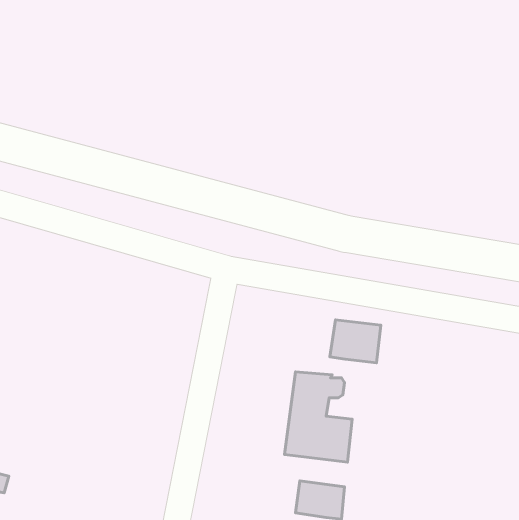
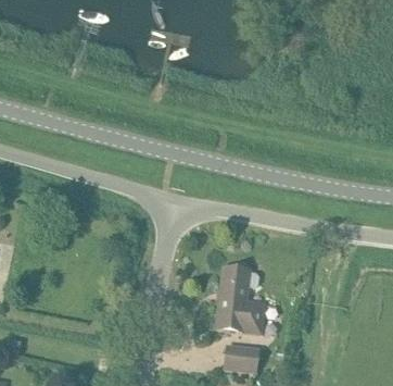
building: [330,320,381,363] -> none

